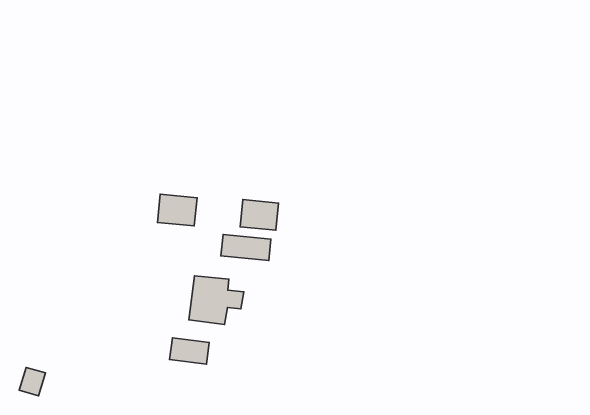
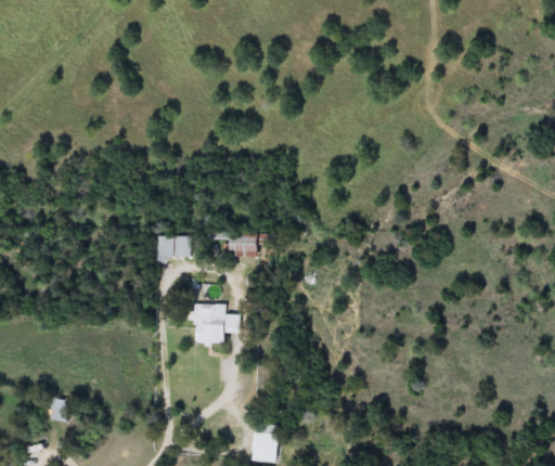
building: [221,234,271,261] -> none
building: [170,338,209,364] -> none

